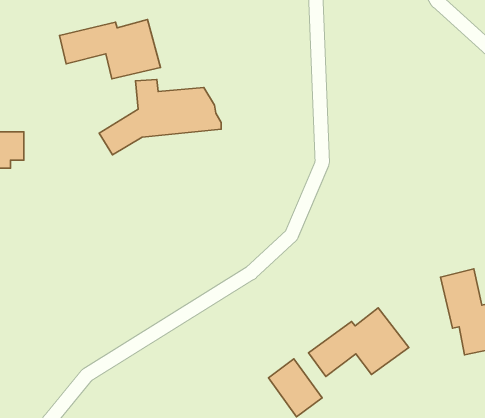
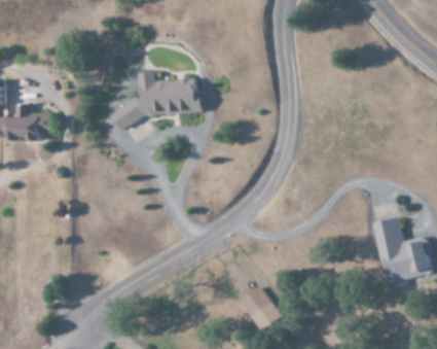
building: [60,19,161,79] -> none
building: [308,308,409,377] -> none

